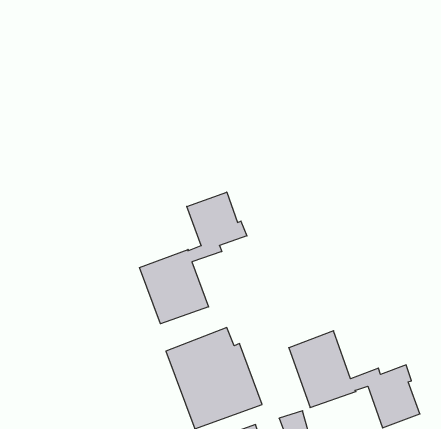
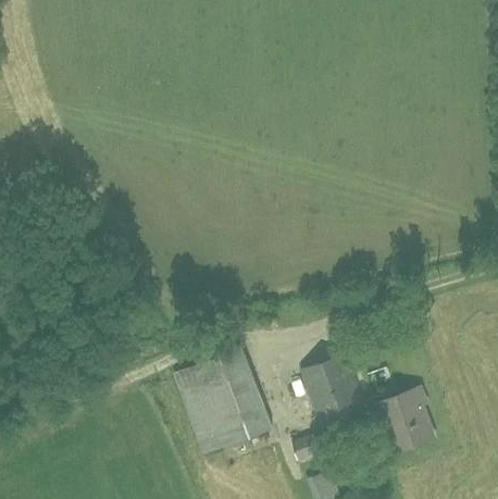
building: [140,192,247,324] -> none

